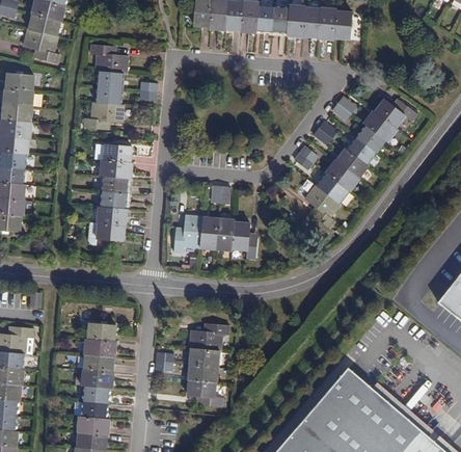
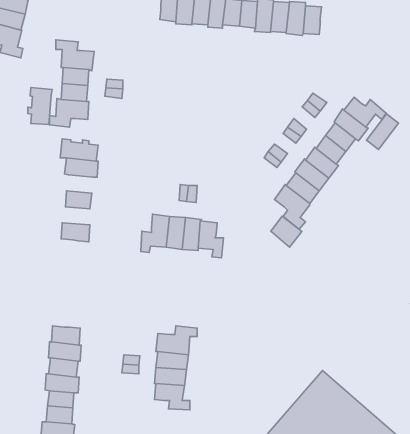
building: none -> [28,88,52,125]
building: none -> [367,114,399,150]
building: [102,176,128,193] -> none
building: [97,206,127,224] -> none
building: none -> [271,216,302,247]

